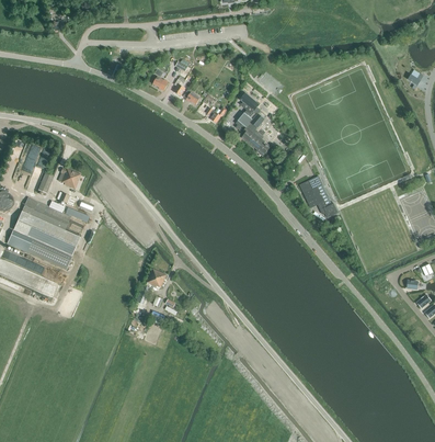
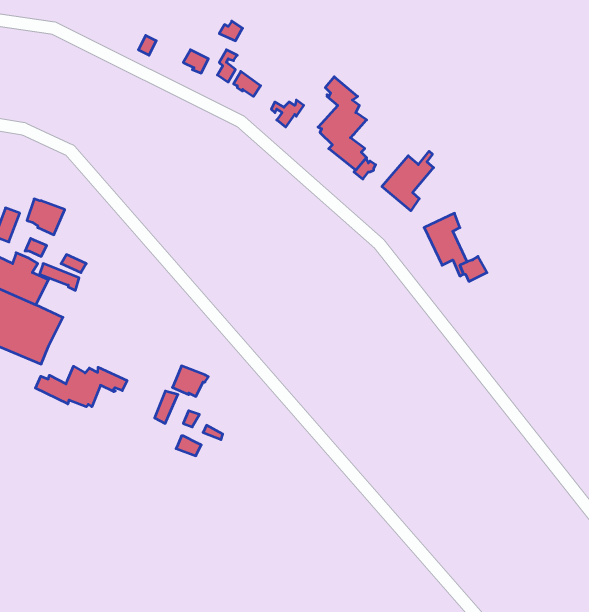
building: none -> [382,151,434,211]
building: none -> [35,366,127,407]

